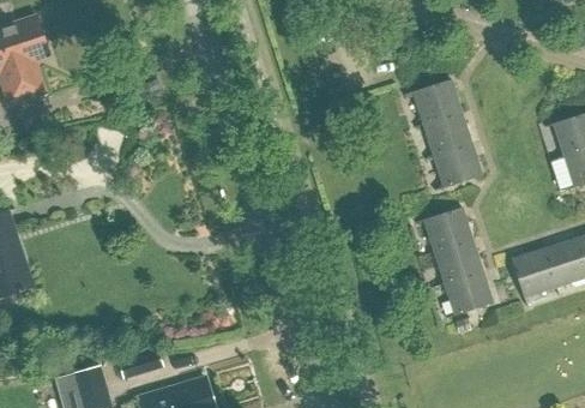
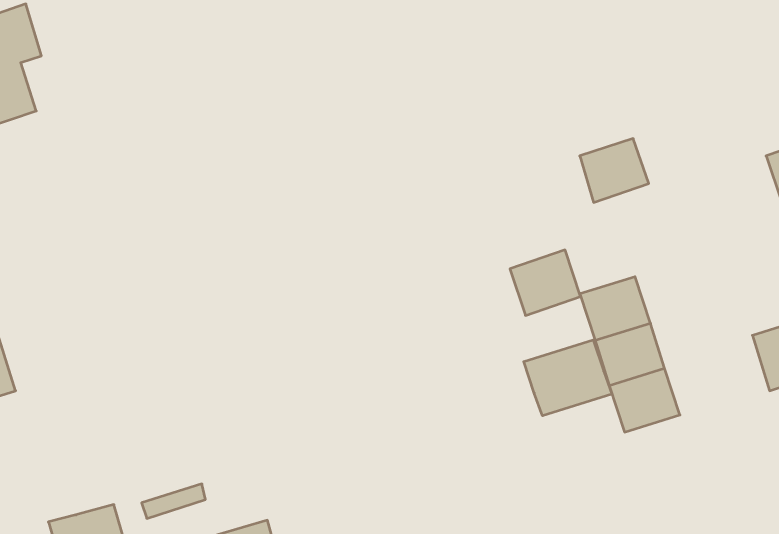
building: [412,78,460,122] -> none
building: [433,142,482,187] -> [510,250,581,315]
building: [511,247,555,296] -> none
building: none -> [524,340,612,416]

